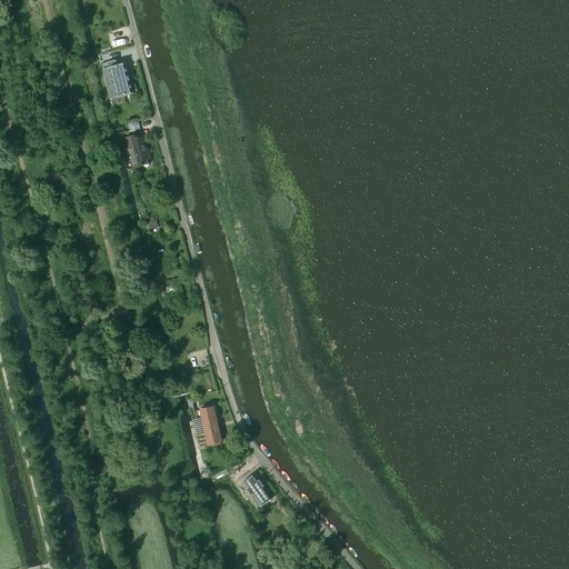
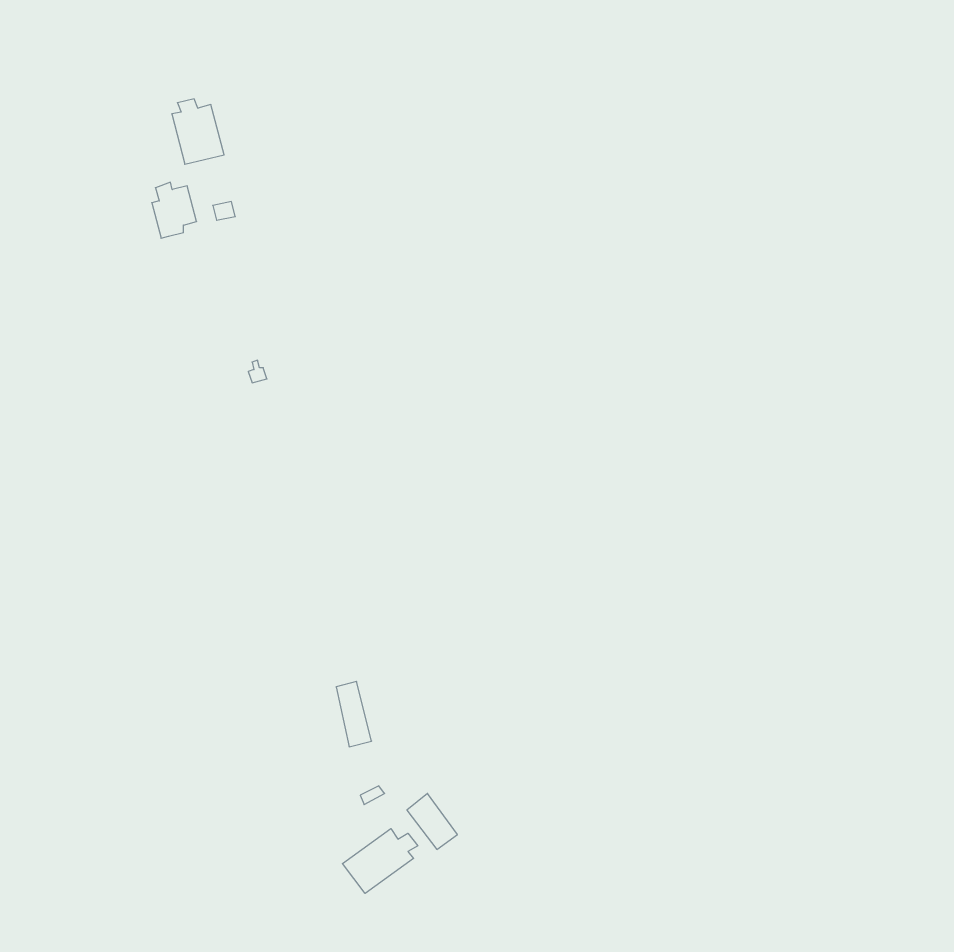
building: [122,134,149,168] -> [152,182,197,238]
building: none -> [342,829,418,893]

